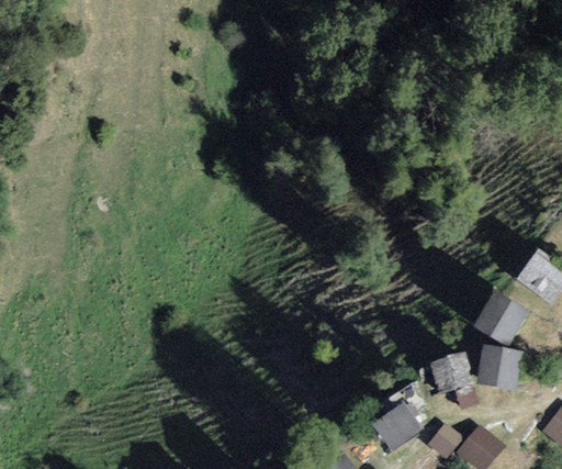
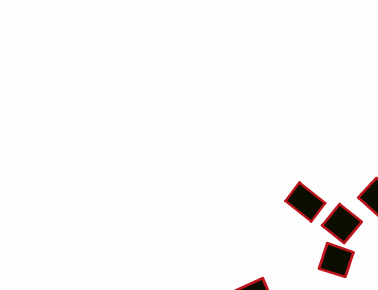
building: none -> [285,182,325,222]
building: [431,353,474,392] -> none

